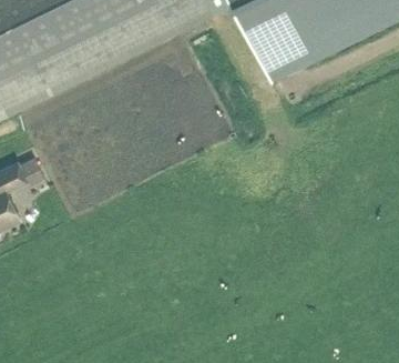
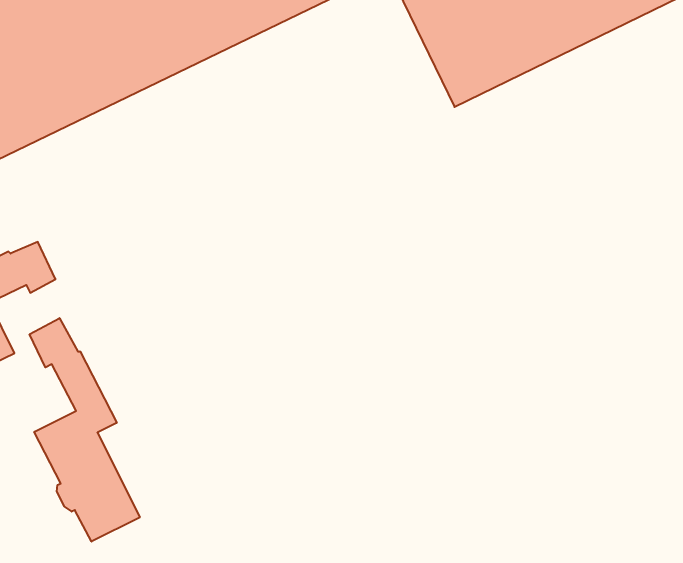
building: none -> [30,318,140,542]

